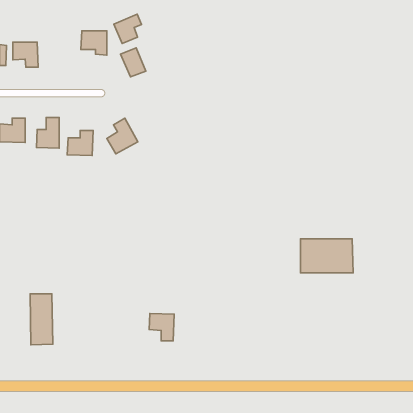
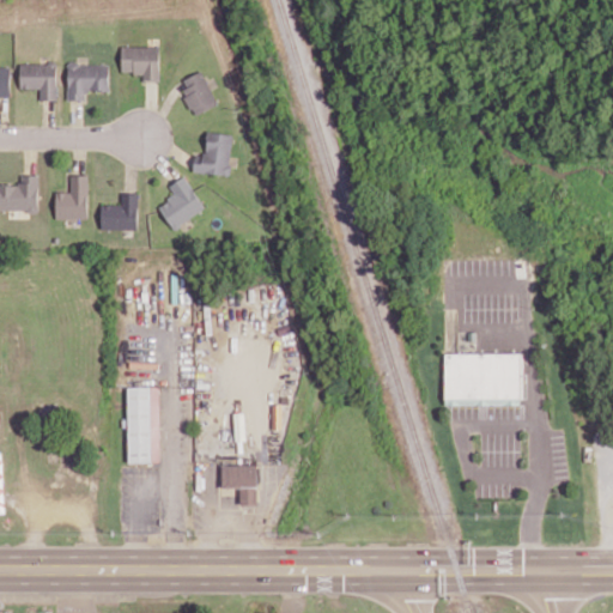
building: [114,14,141,44] -> none
building: none -> [66,63,108,101]
building: none -> [192,132,232,176]
building: [30,294,53,345] -> [126,388,159,463]

